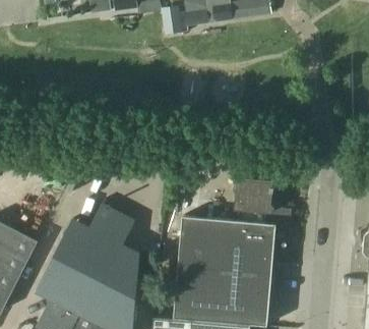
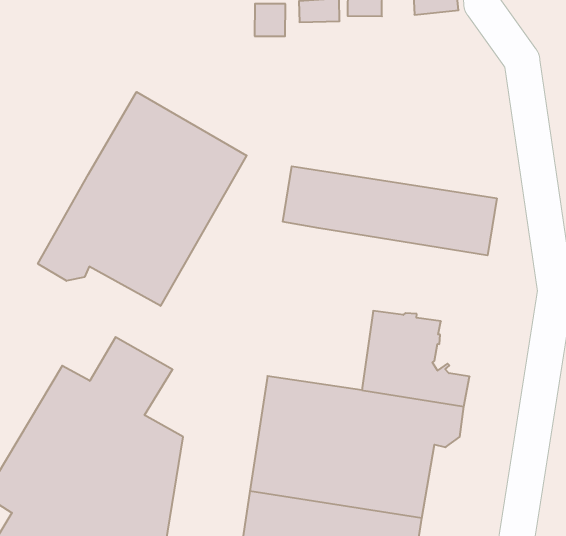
building: none -> [38,92,247,306]
building: none -> [283,166,497,255]

